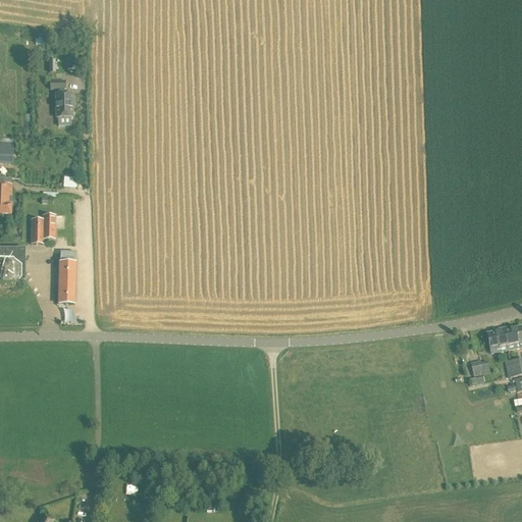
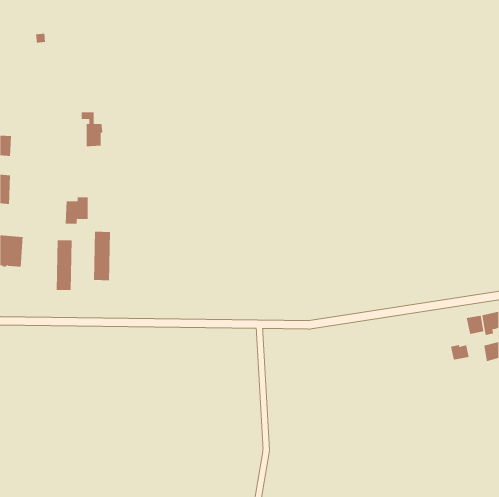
building: [50,80,73,116] -> [81,112,103,147]
building: [30,214,54,243] -> [65,197,88,224]
building: none -> [93,231,111,281]

